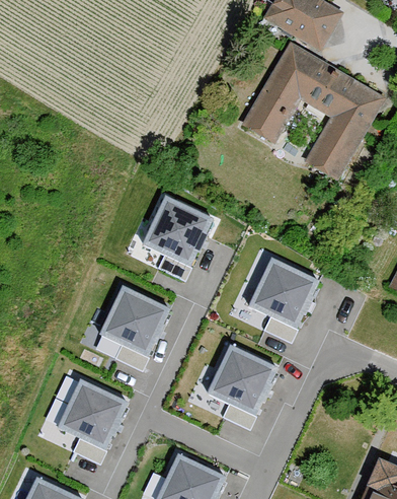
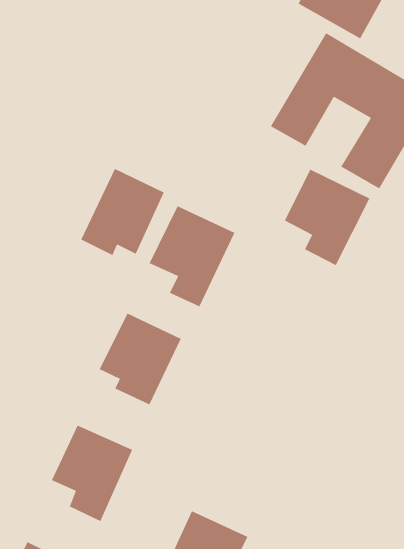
building: none -> [80,168,165,256]
building: [246,258,320,341] -> [284,168,371,266]
building: [206,342,279,429] -> none

